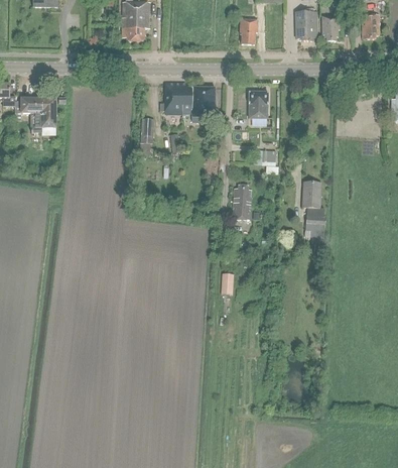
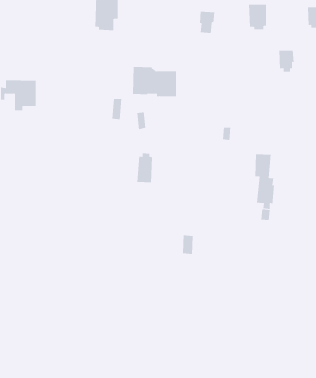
building: [321,15,340,40] -> [278,50,294,72]
building: [249,91,267,117] -> none
building: [232,184,250,218] -> [137,153,153,183]

